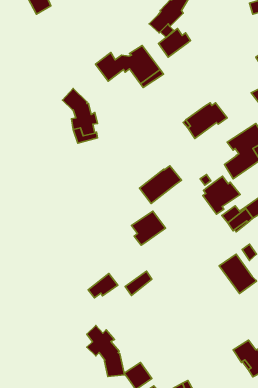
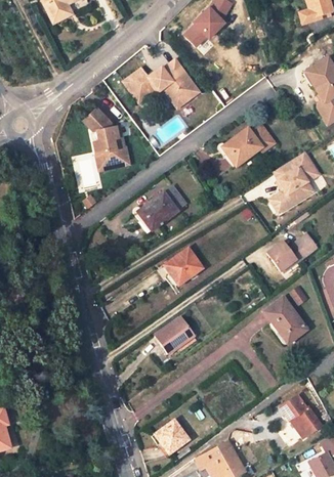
building: [158,29,190,57] -> none
building: [140,166,182,203] -> [136,187,184,230]
building: [203,176,240,214] -> none
building: [88,274,118,298] -> [163,327,197,354]
building: [87,326,125,376] -> none

